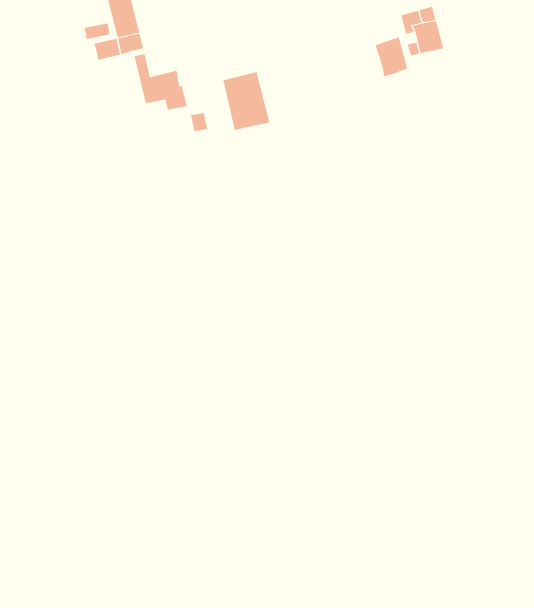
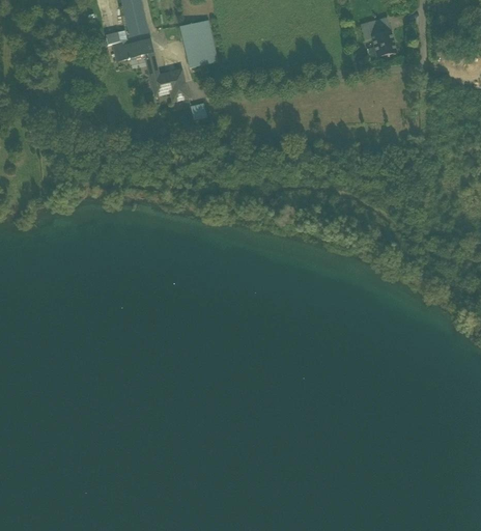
building: [375,37,408,77] -> none
building: [223,71,270,130] -> [179,20,218,67]

